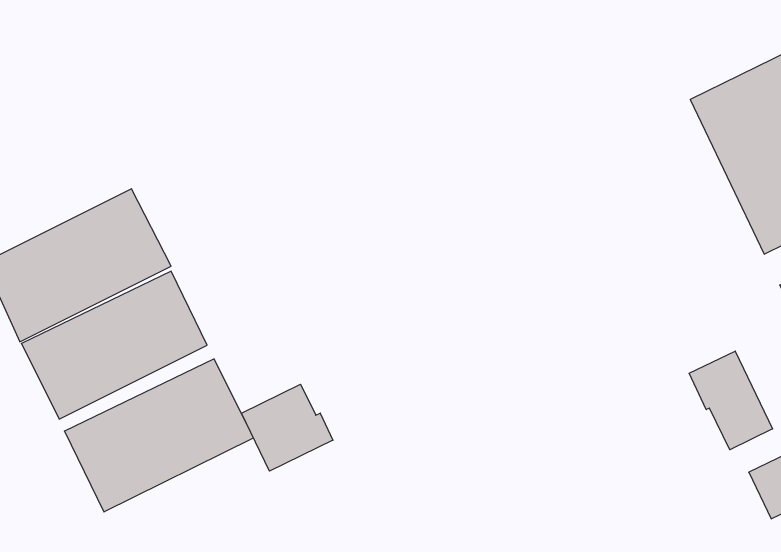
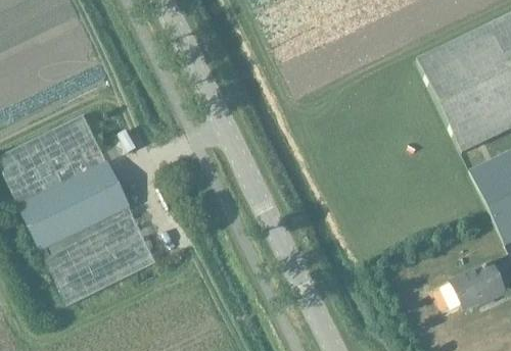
building: [689,351,773,450] -> none
building: [242,384,333,471] -> none

